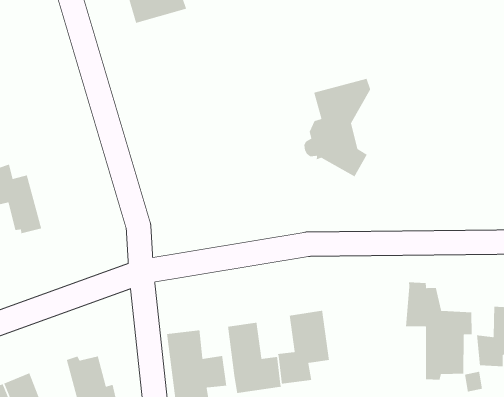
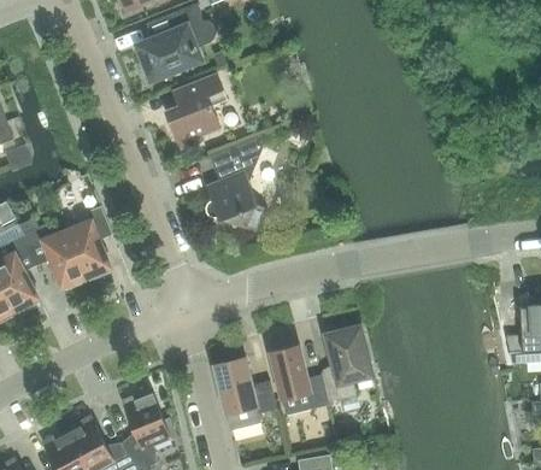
building: none -> [165,75,227,149]
building: [303,78,371,178] -> [205,137,266,233]
building: none -> [66,207,112,281]
building: [405,281,473,380] -> none

